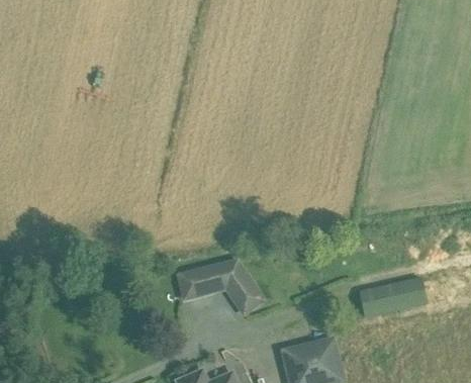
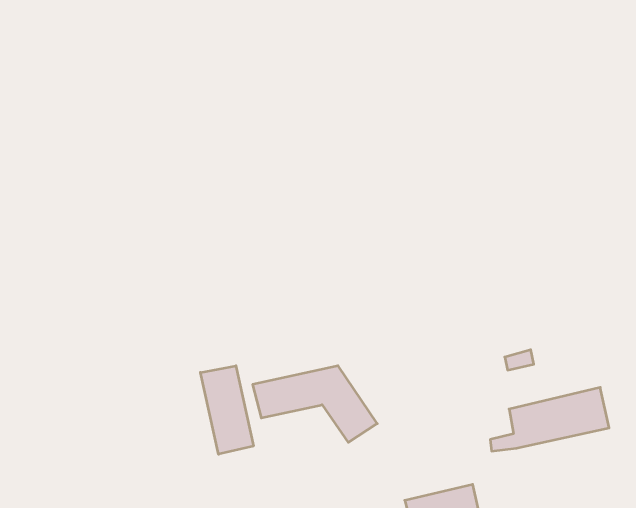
building: none -> [200,366,253,454]

